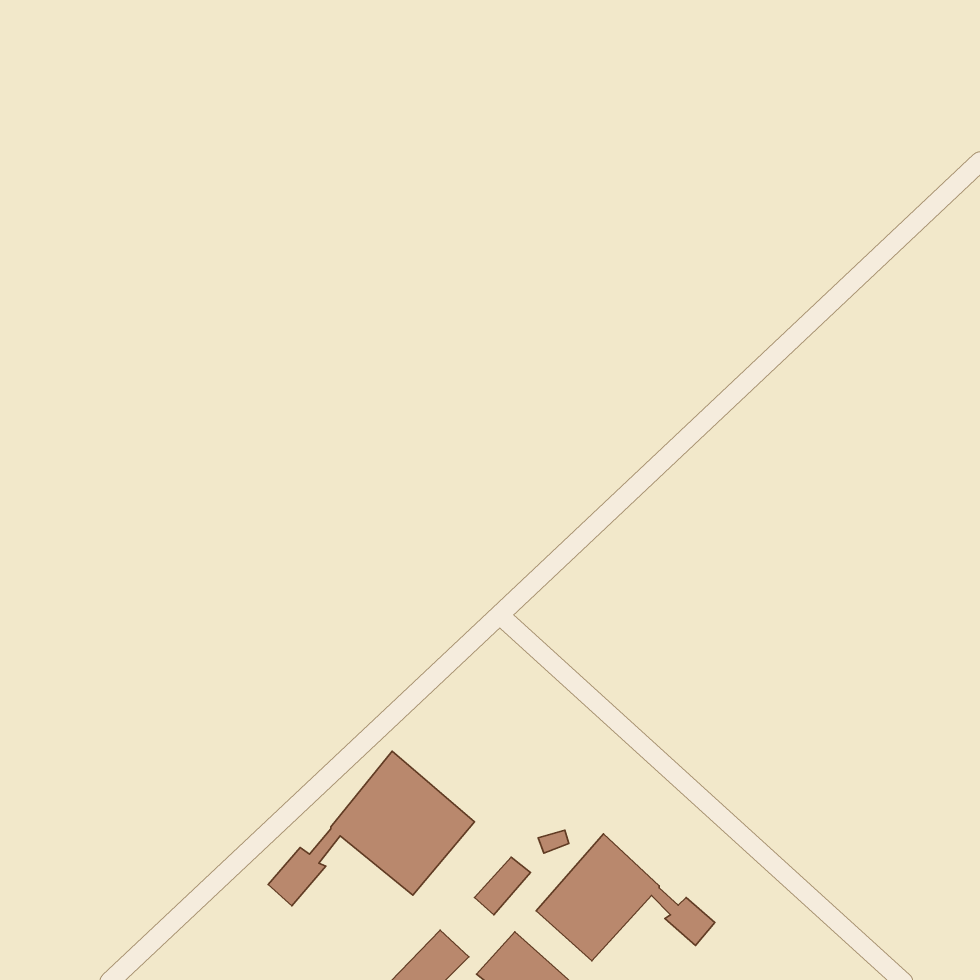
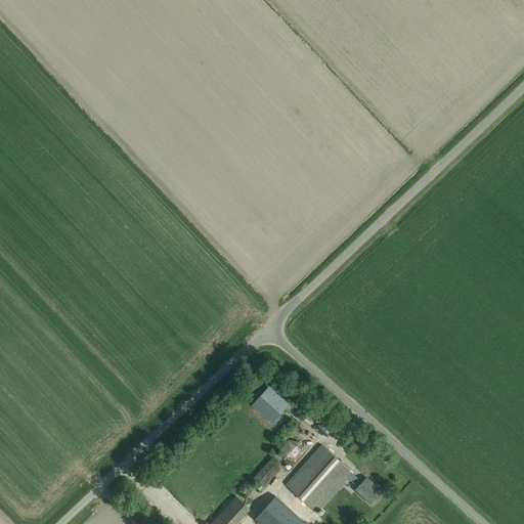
building: none -> [254,391,286,422]
building: [268,751,475,906] -> none

